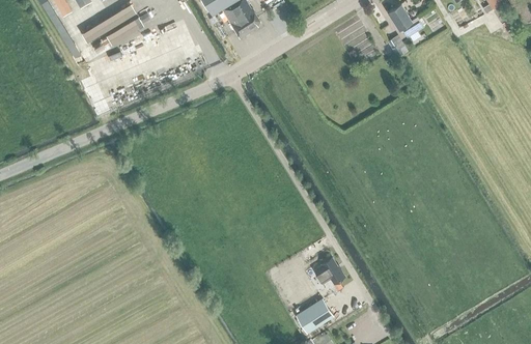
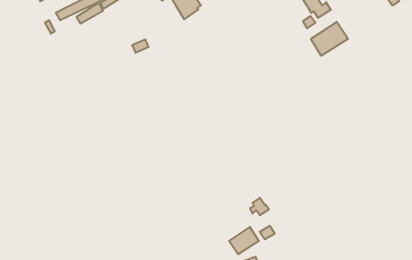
building: none -> [311,22,348,56]

